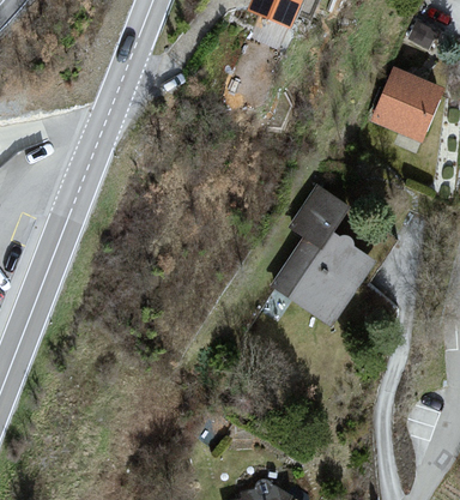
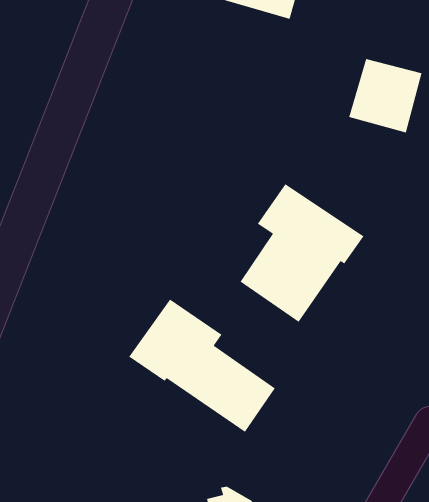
building: none -> [128,299,276,433]

